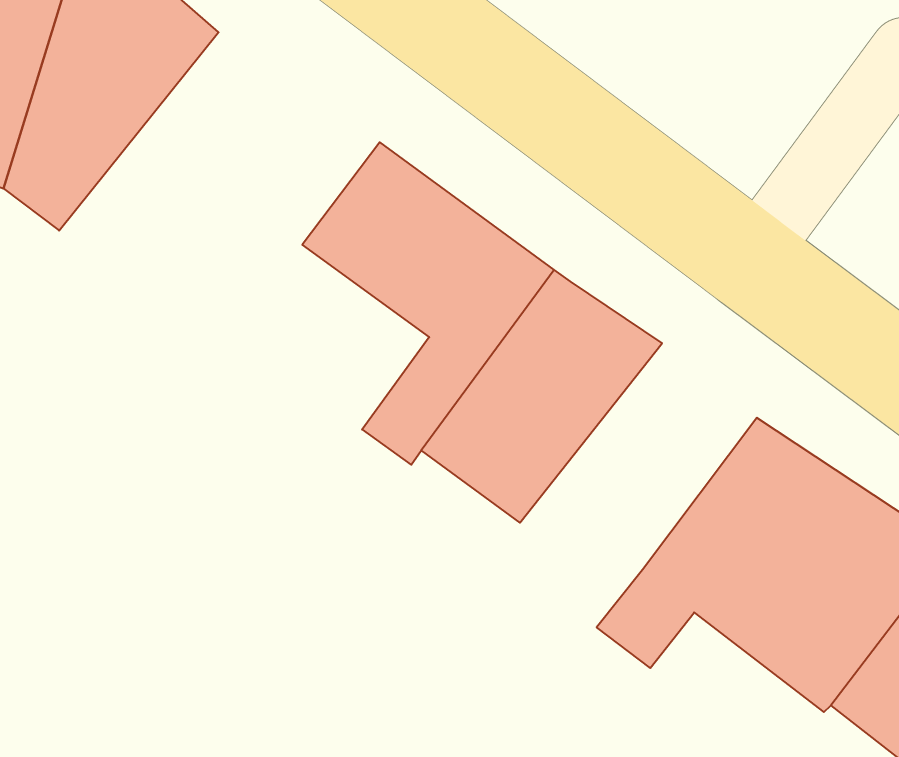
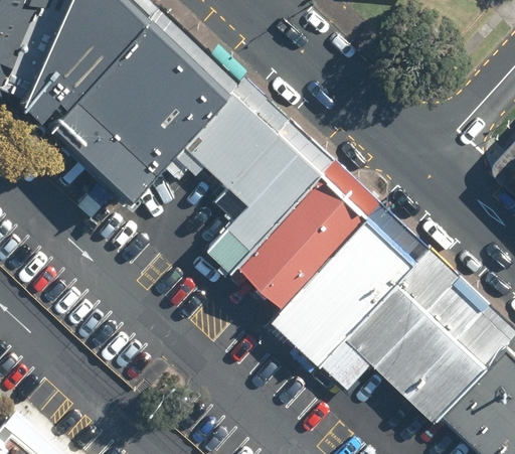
building: none -> [57,30,232,201]
building: none -> [273,217,417,364]

